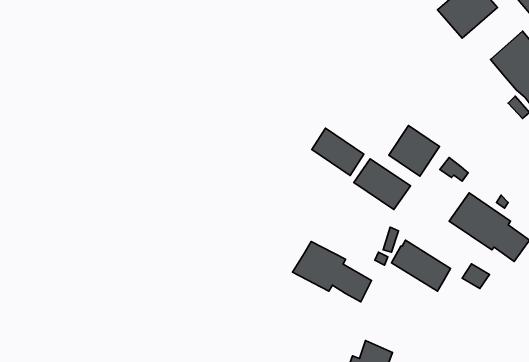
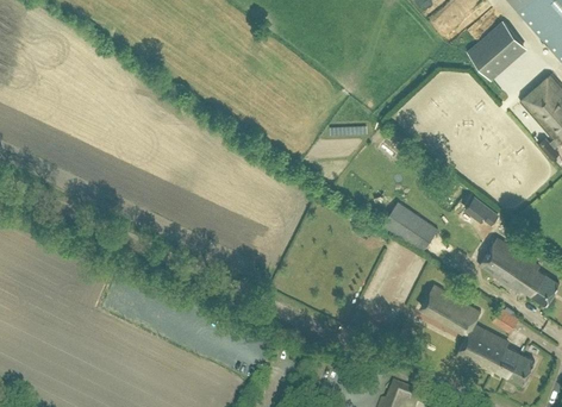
building: [389,125,439,176] -> none
building: [312,128,364,175] -> none
building: [292,242,371,302] -> [454,323,533,383]

